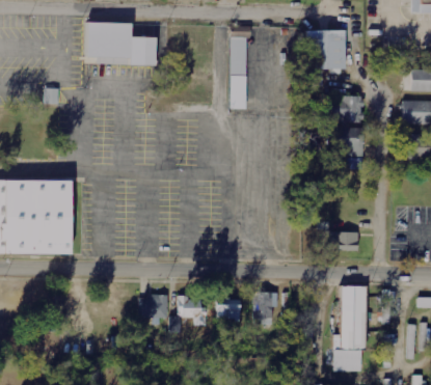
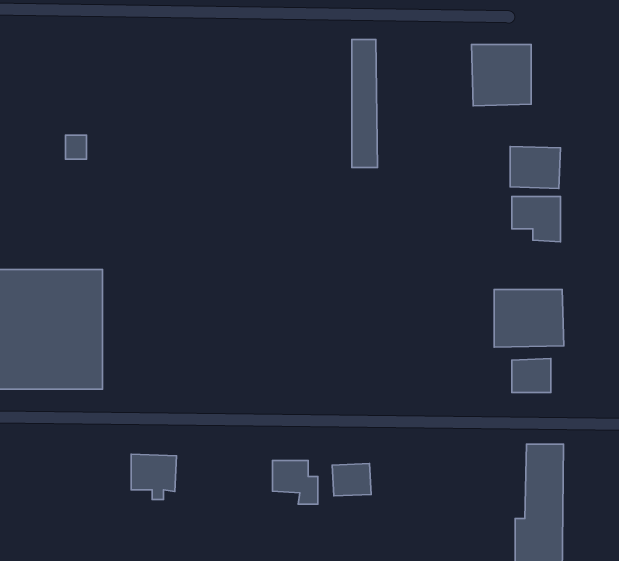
building: [82,22,157,65] -> none
building: none -> [494,290,564,347]
building: [254,292,278,325] -> none
building: [140,295,169,324] -> [131,454,176,499]

